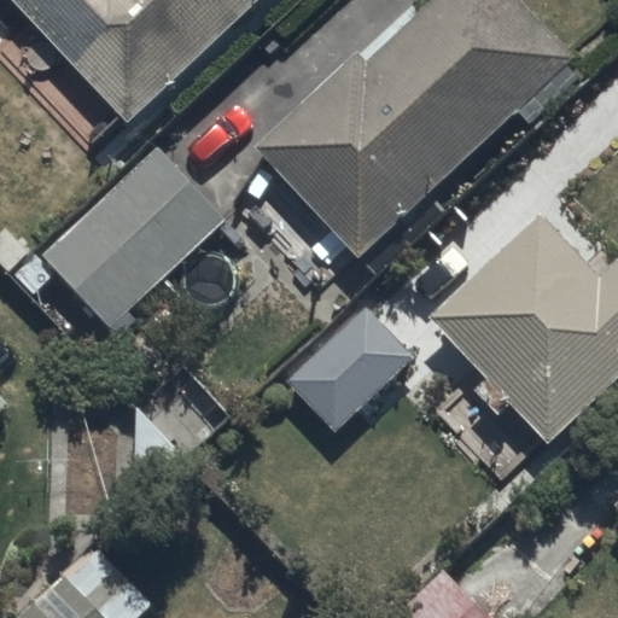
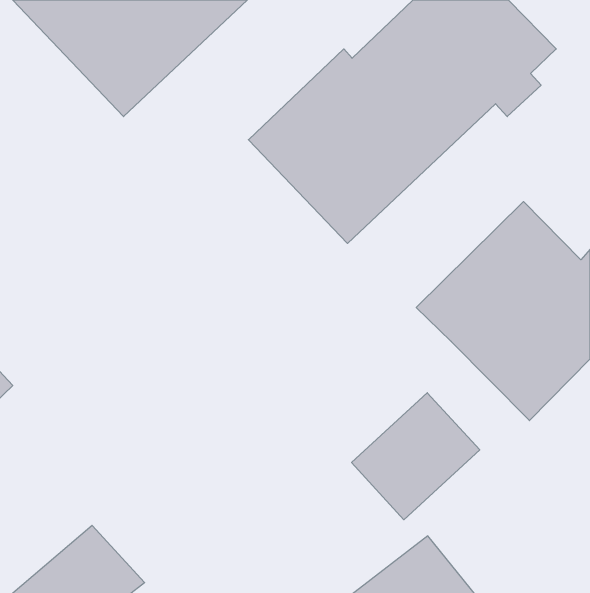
building: [34,140,227,338] -> none
building: [278,303,410,435] -> [352,393,480,520]

